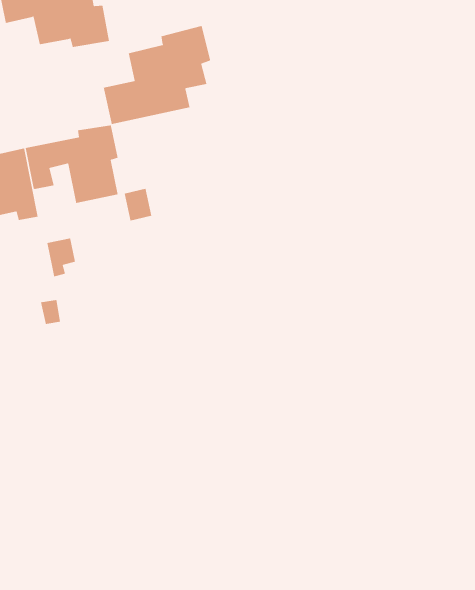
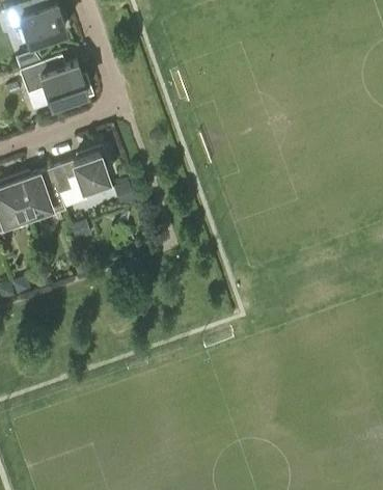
building: [103,25,211,125] -> none

